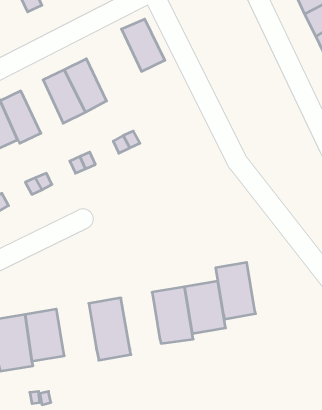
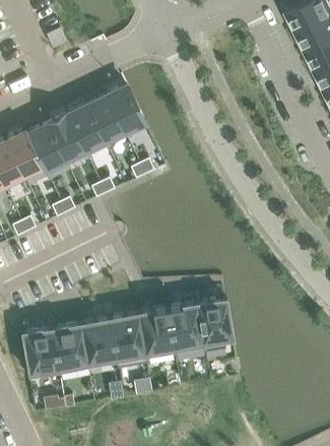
building: [121,19,165,71] -> [108,85,147,133]
building: none -> [48,114,86,163]
building: [216,262,256,319] -> [139,308,176,360]
building: none -> [80,318,117,366]

